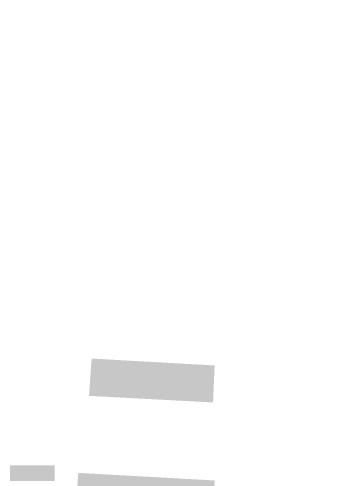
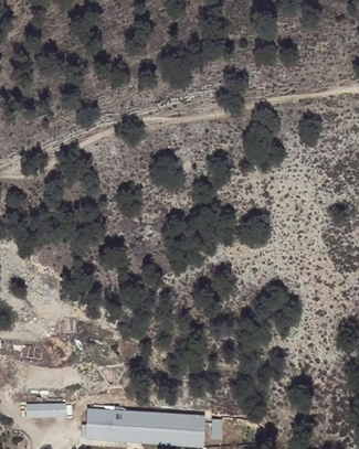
building: [89,358,215,403] -> none

